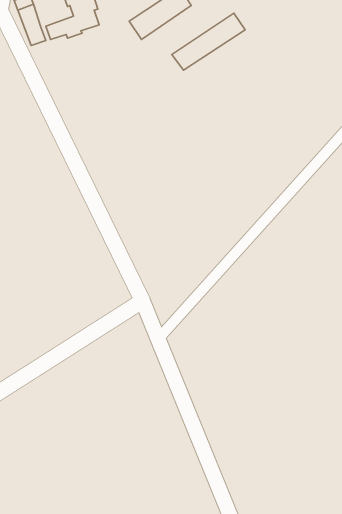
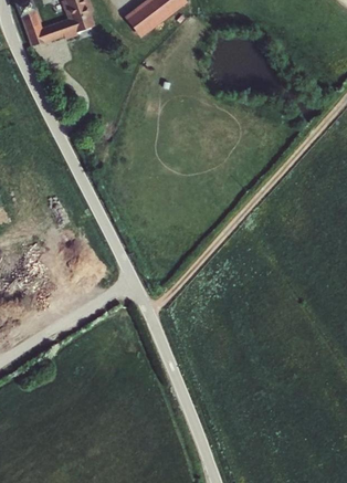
building: [172,13,245,70] -> none

